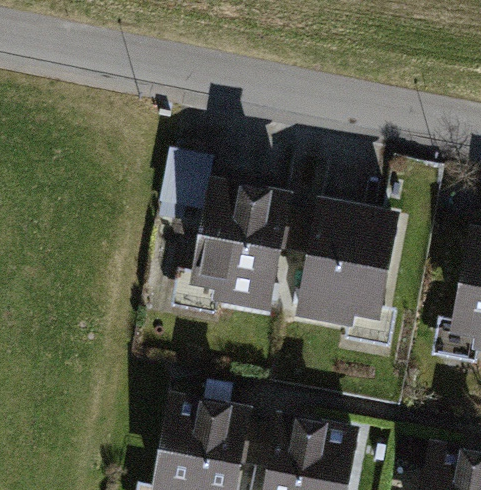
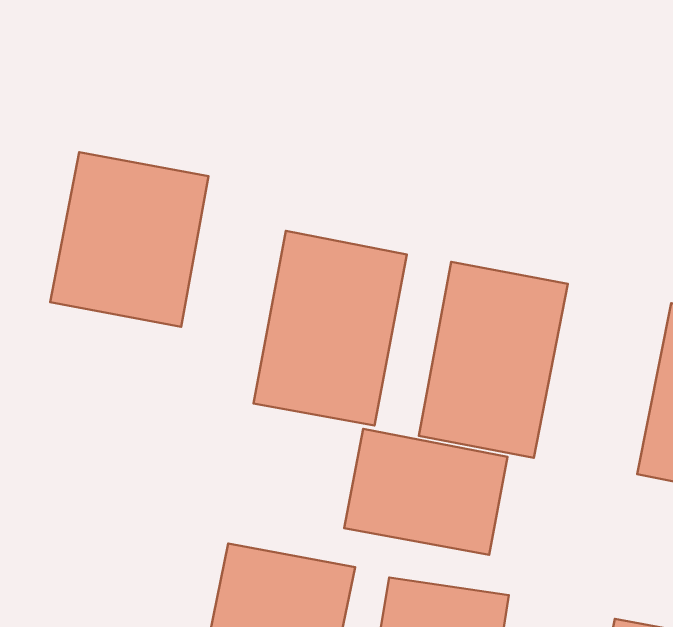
building: none -> [50,152,208,327]
building: none -> [344,429,508,555]

